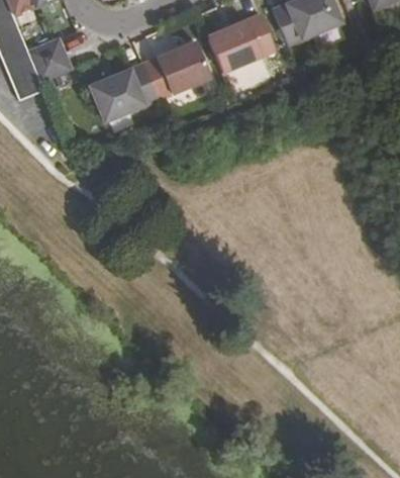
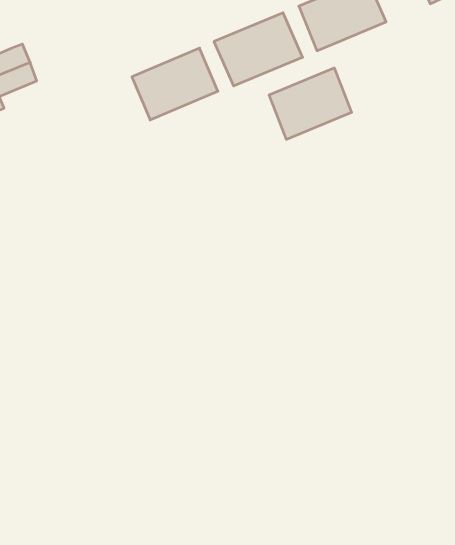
building: none -> [269,68,352,139]
building: [90,65,158,120] -> none

